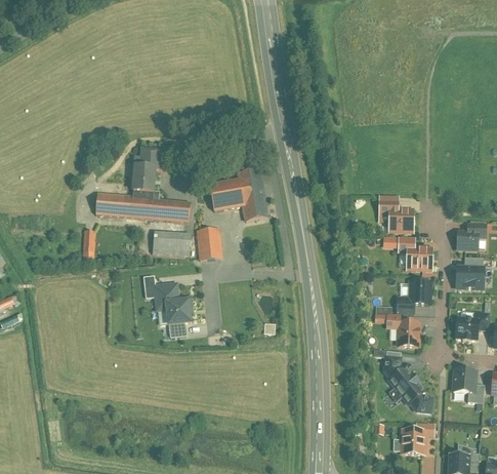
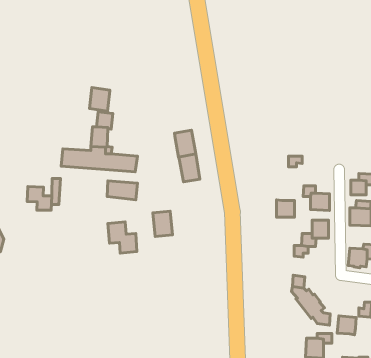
building: none -> [89,87,110,111]
building: [209,179,243,209] -> none
building: [389,209,412,231] -> [276,200,294,217]
building: [197,227,221,259] -> [153,211,173,237]
building: none -> [27,187,52,210]
building: [398,322,418,346] -> none
building: [452,368,475,392] -> [337,316,356,335]

